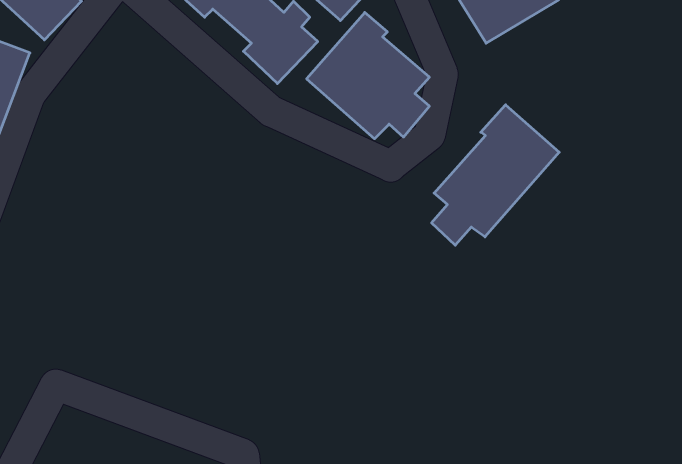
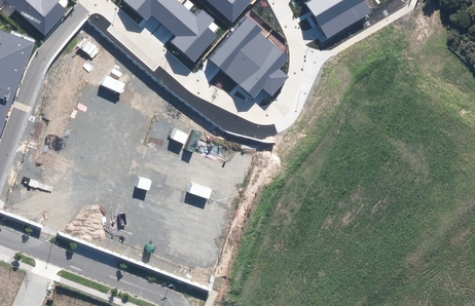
building: [432,105,559,245] -> none

